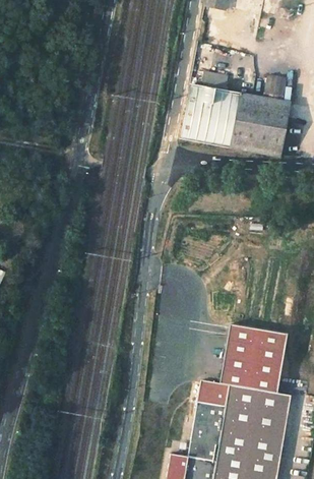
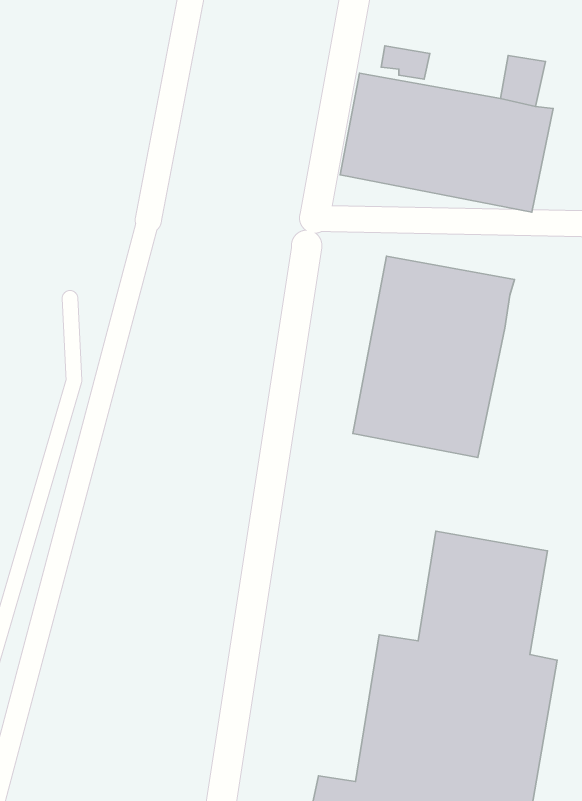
building: none -> [353,256,515,457]

